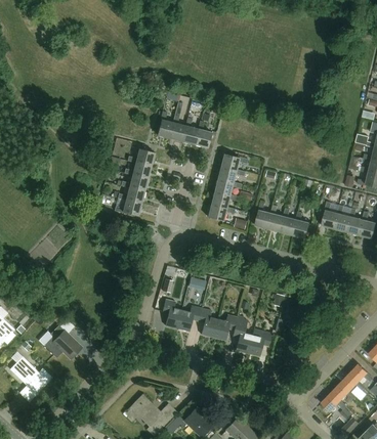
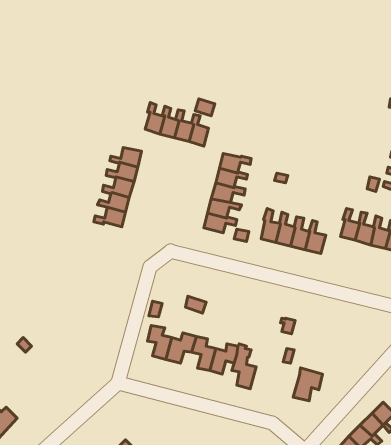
building: [42,324,81,359] -> none
building: [246,327,270,355] -> [293,368,323,401]

